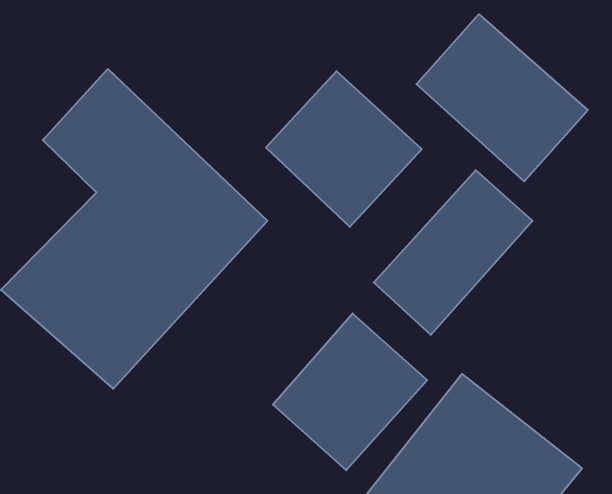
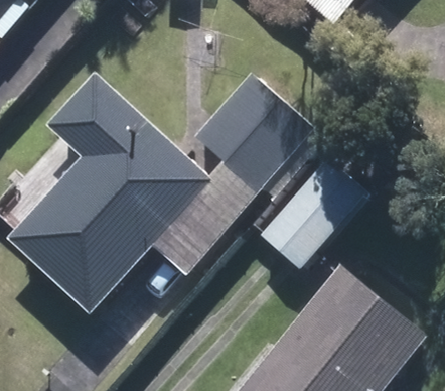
building: [416,14,588,181] -> none
building: [273,313,427,470] -> none

